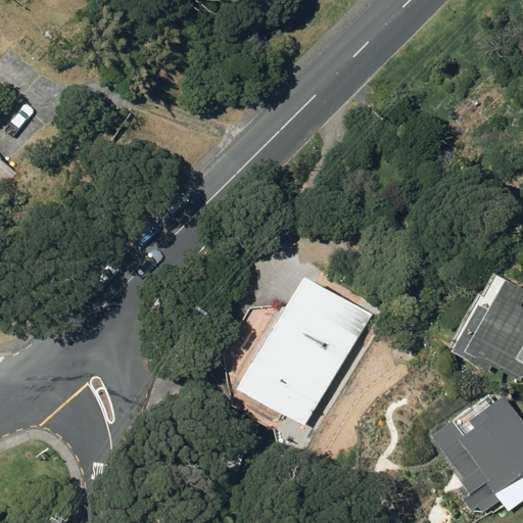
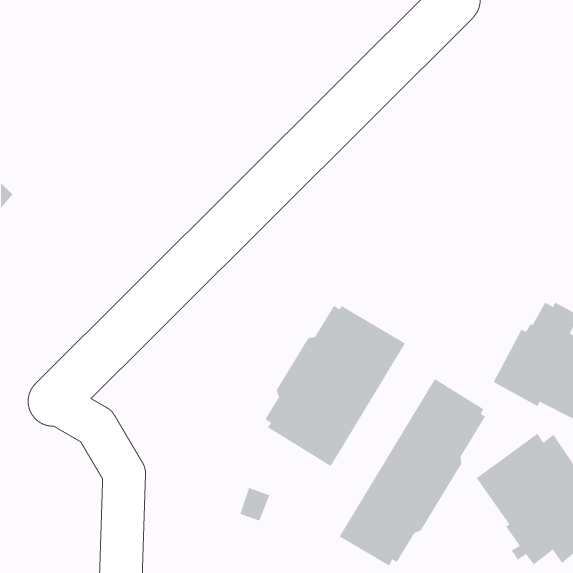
building: none -> [339,378,486,567]

